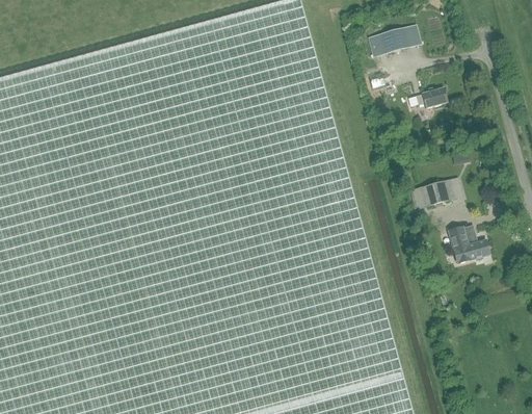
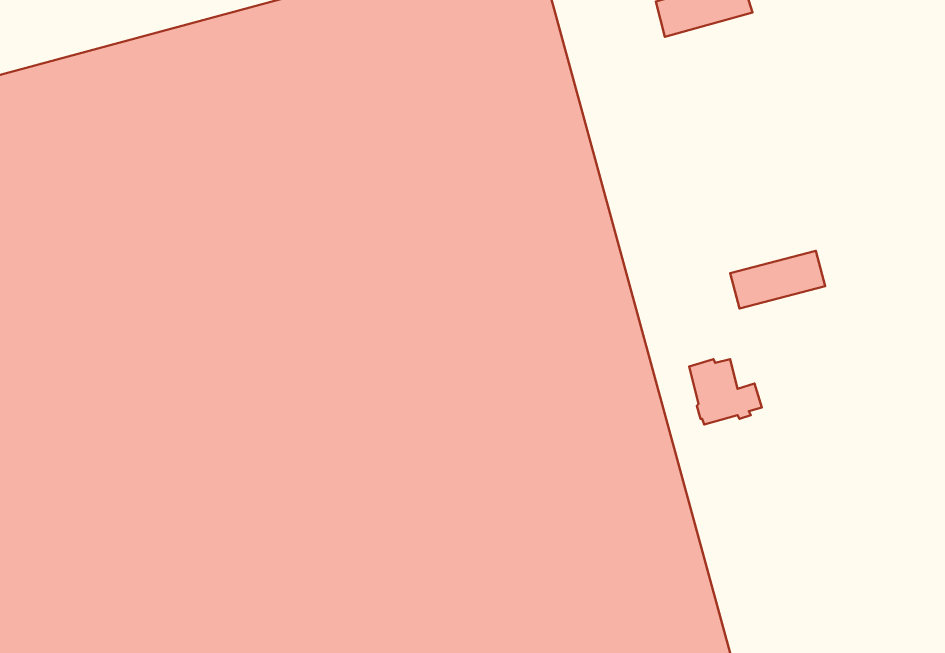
building: [416,87,448,107] -> none
building: [449,227,489,263] -> [689,359,762,424]

